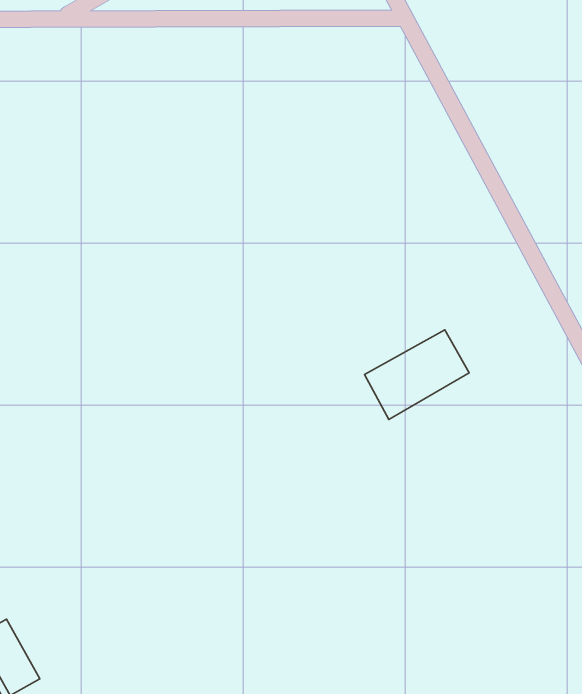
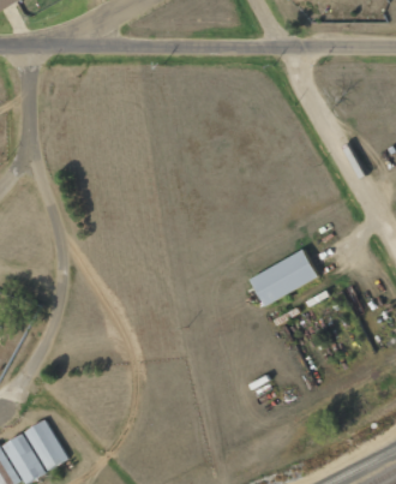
building: none -> [28,418,71,468]

